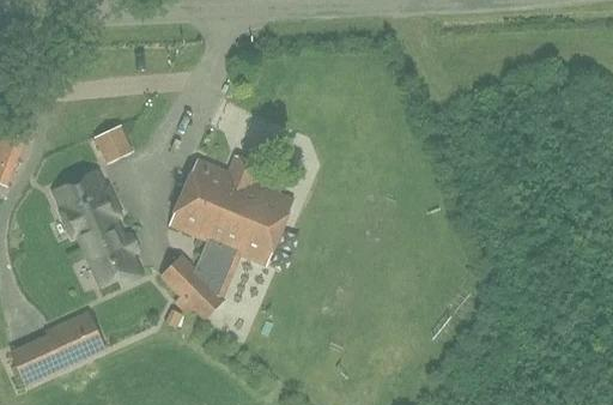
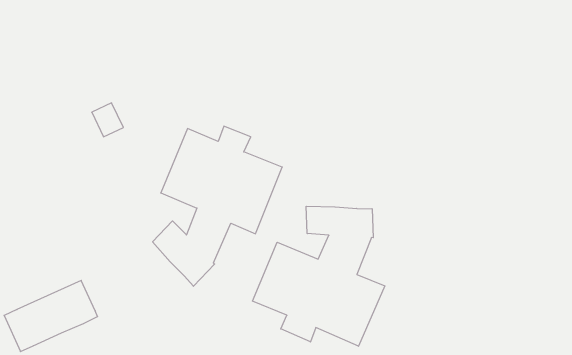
building: [55,174,139,283] -> none
building: none -> [253,206,385,346]

